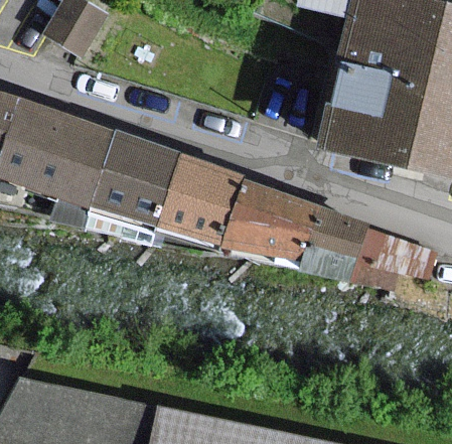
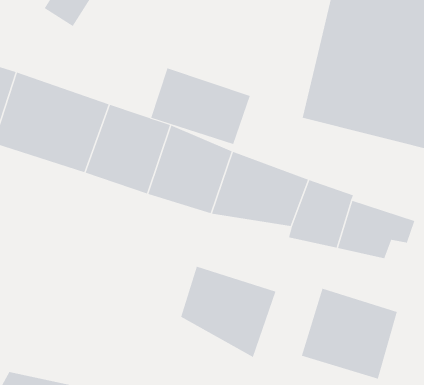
building: none -> [151,67,250,145]
building: none -> [181,266,276,358]
building: none -> [301,288,398,379]

